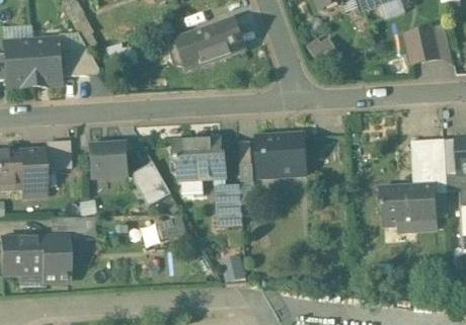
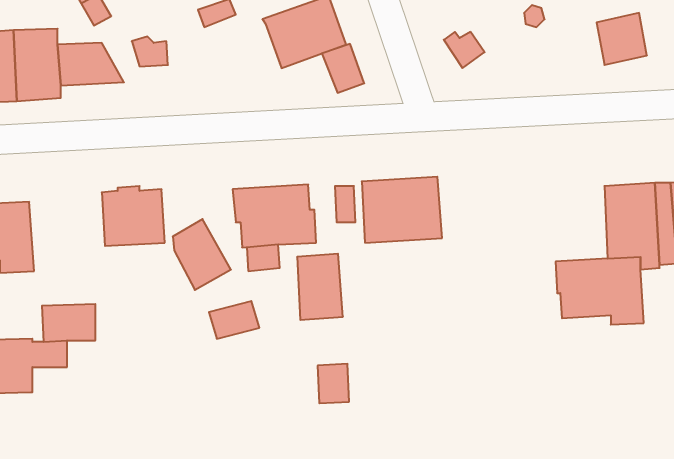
building: [175,35,203,67] -> [322,44,364,93]
building: [46,140,71,168] -> none
building: [43,256,67,281] -> none

